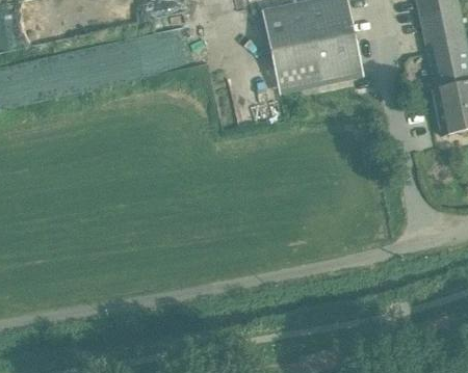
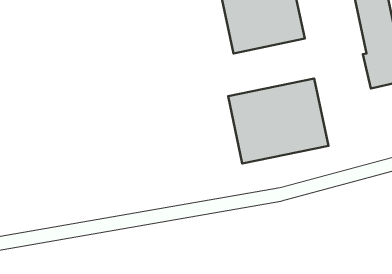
building: none -> [228,79,328,164]

